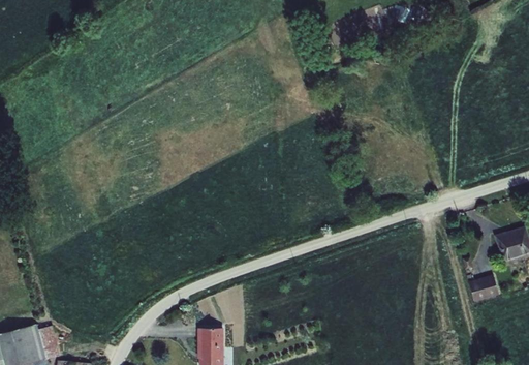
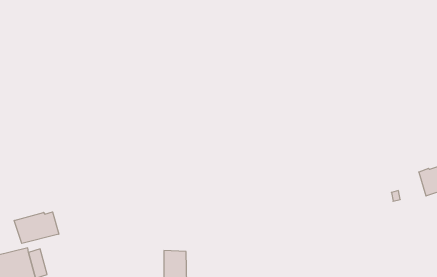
building: [469,275,499,303] -> none
building: none -> [14,212,59,243]

